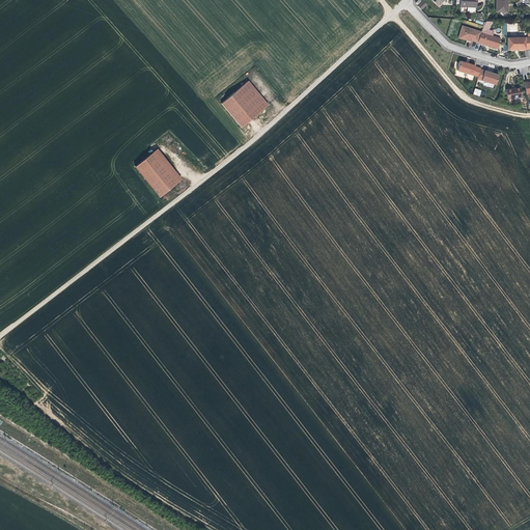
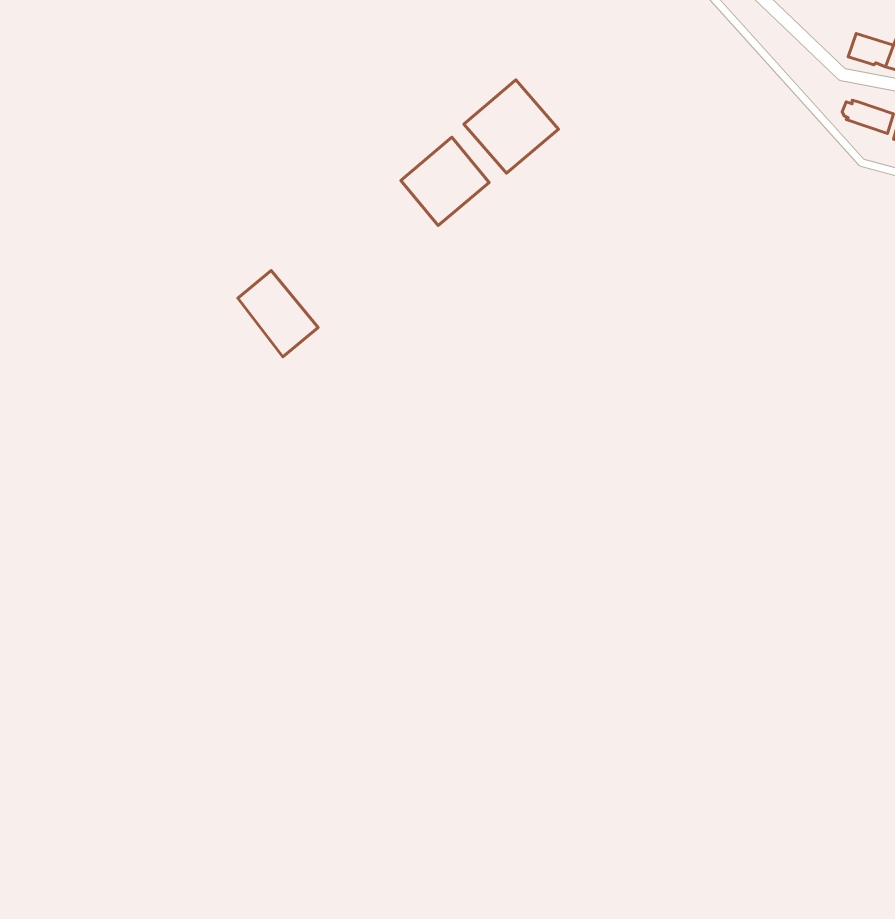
building: none -> [464,80,559,173]

